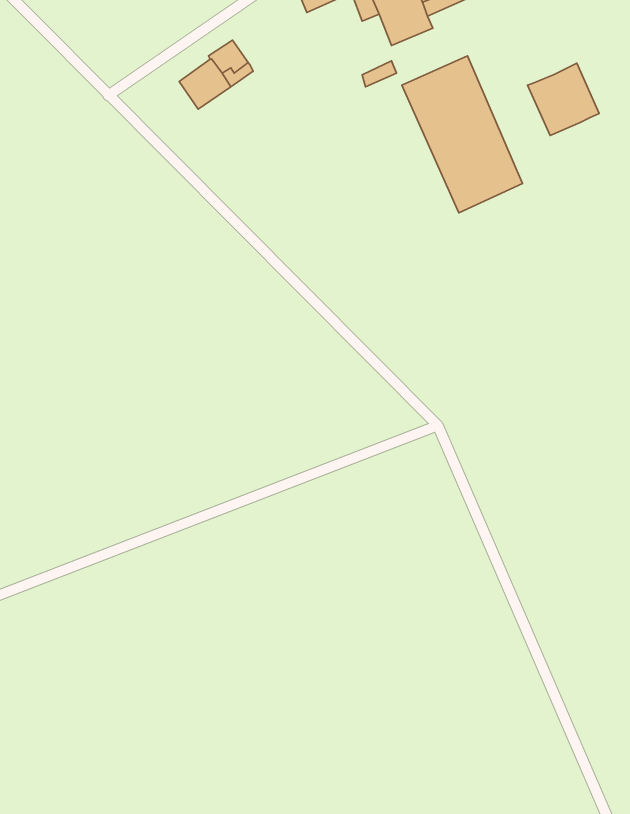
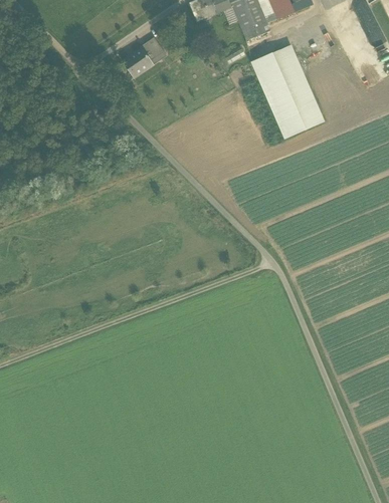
building: [528,63,599,135] -> none

